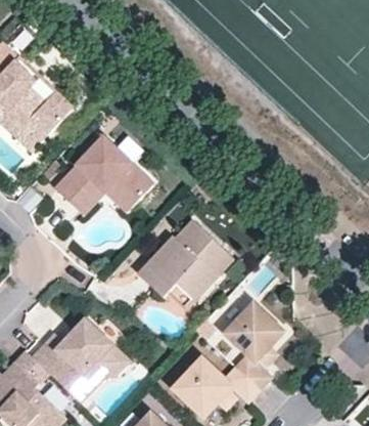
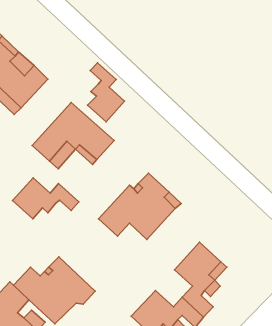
building: none -> [88,63,125,122]
building: none -> [12,178,79,219]

